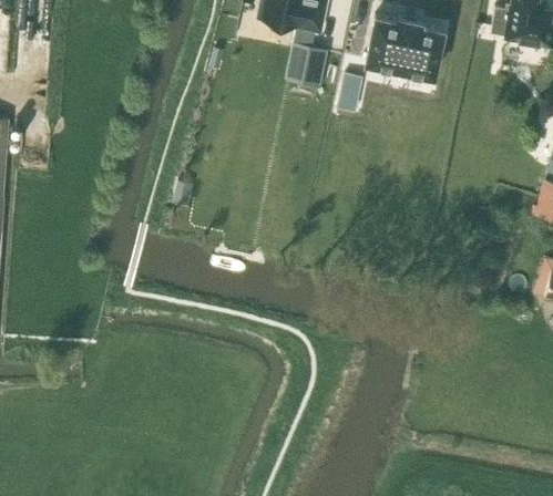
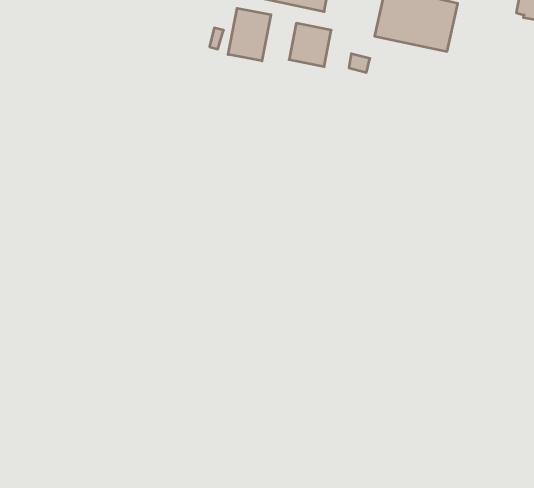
building: none -> [228,8,271,61]

